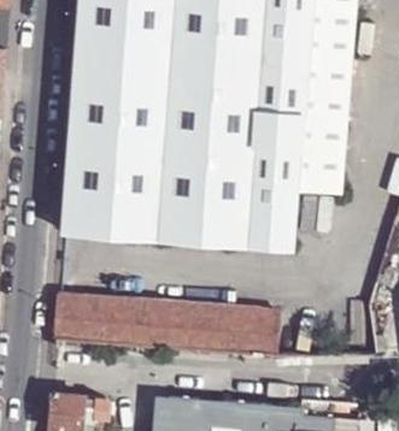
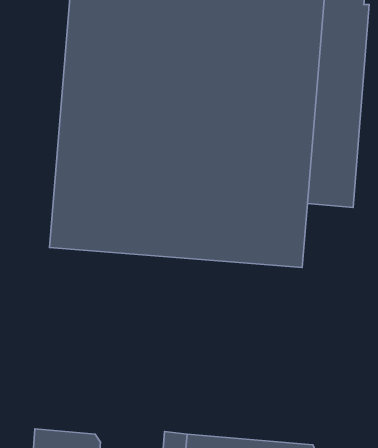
building: [55,293,276,354] -> none

